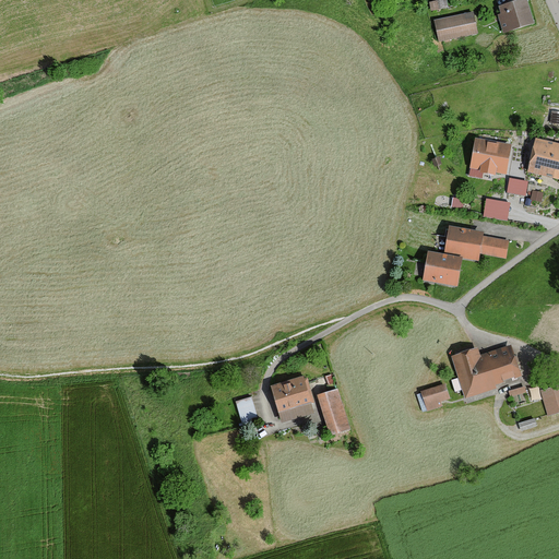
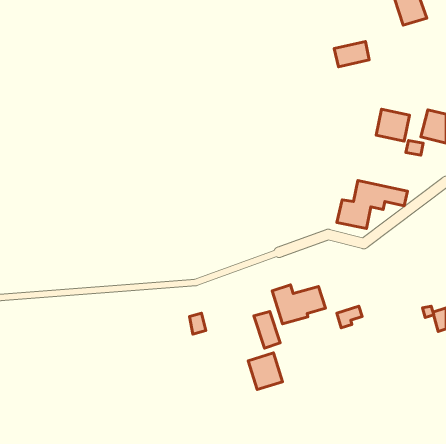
building: [433,11,477,43] -> [334,42,369,67]
building: [483,197,511,219] -> none
building: [453,348,520,397] -> [272,285,325,324]
building: [273,377,316,423] -> [248,353,282,390]

